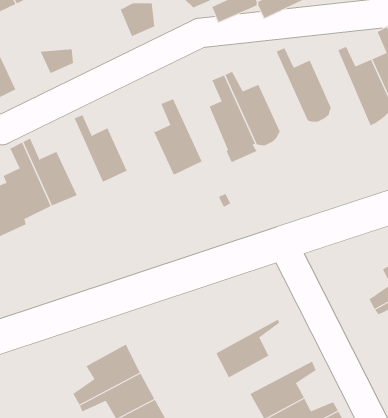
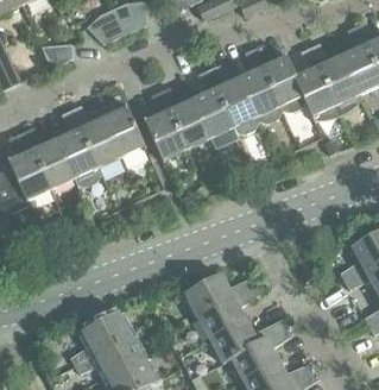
building: none -> [88,10,126,45]
building: none -> [297,46,342,121]
building: none -> [241,48,285,122]
building: none -> [164,87,213,147]
building: none -> [105,88,146,156]
building: none -> [58,108,102,187]
building: none -> [188,275,259,321]
building: none -> [214,320,290,363]

